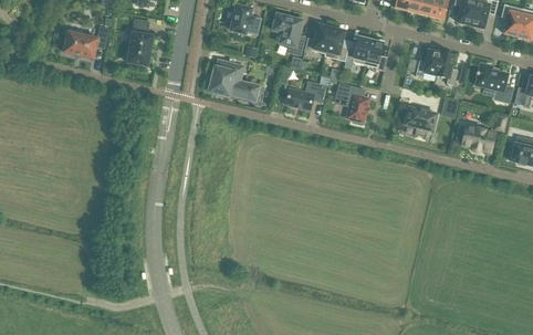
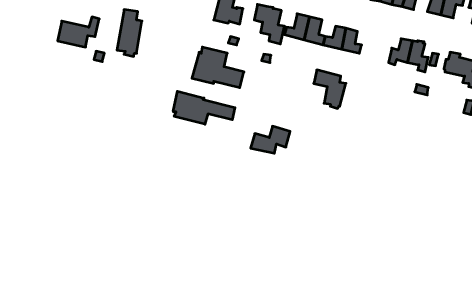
building: [284,81,326,109] -> [251,126,290,153]
building: none -> [173,91,235,124]
building: [405,106,437,137] -> none
building: [462,125,495,153] -> none

